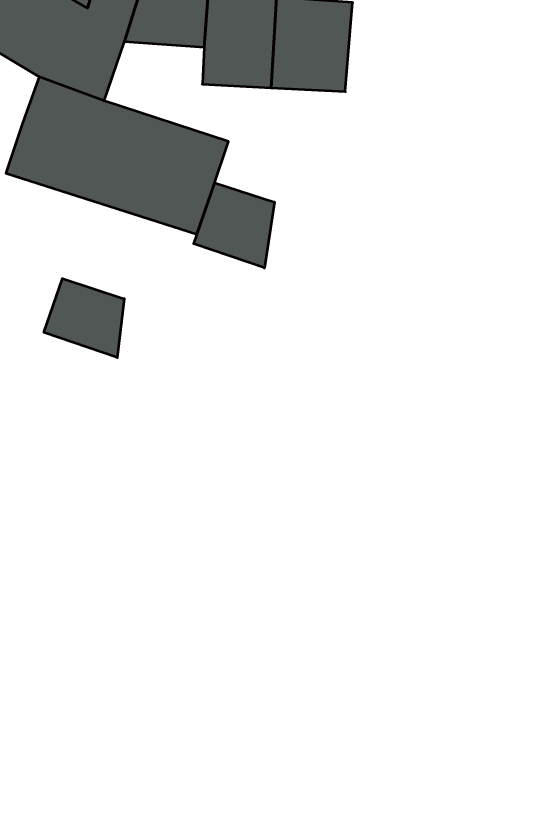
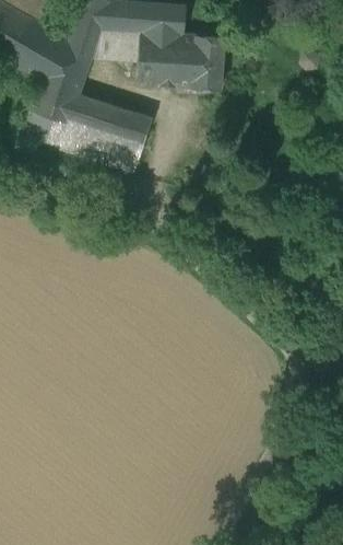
building: [194,183,274,268] -> none
building: [44,279,124,358] -> none

